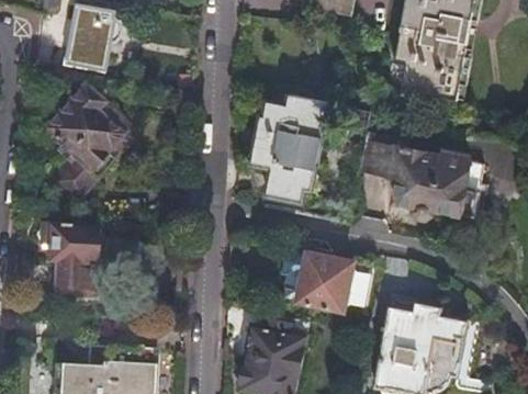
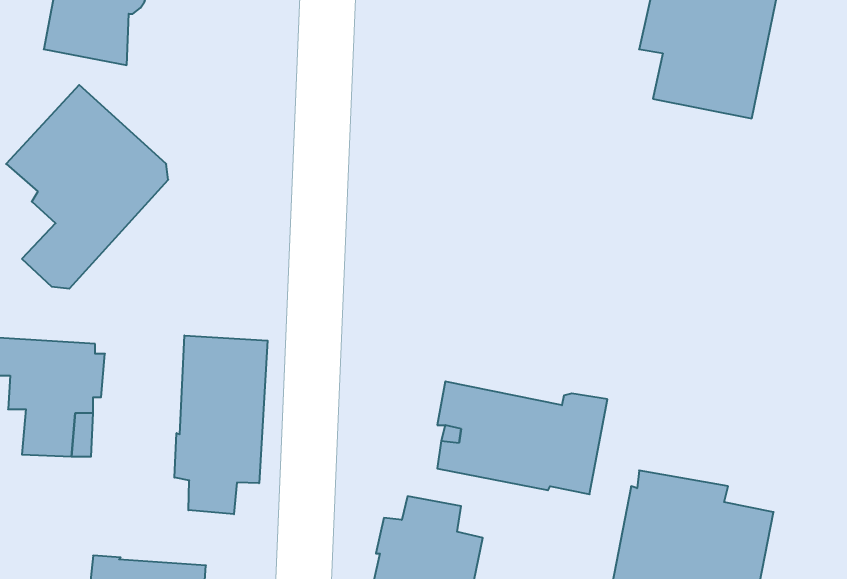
building: [254,95,328,203] -> none
building: [359,133,484,219] -> none
building: none -> [174,335,268,514]

